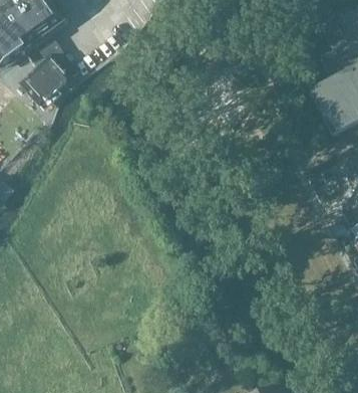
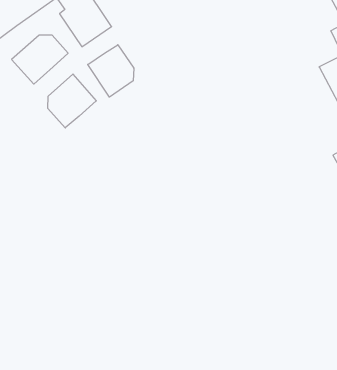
building: none -> [88,45,134,97]
building: none -> [48,74,96,128]

